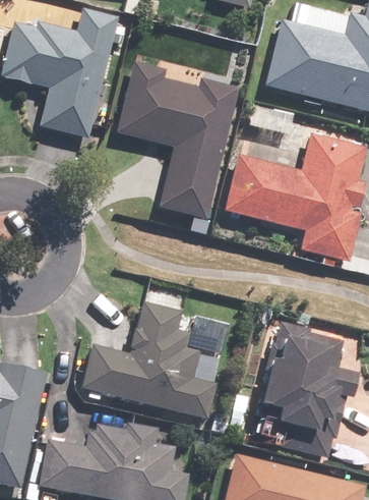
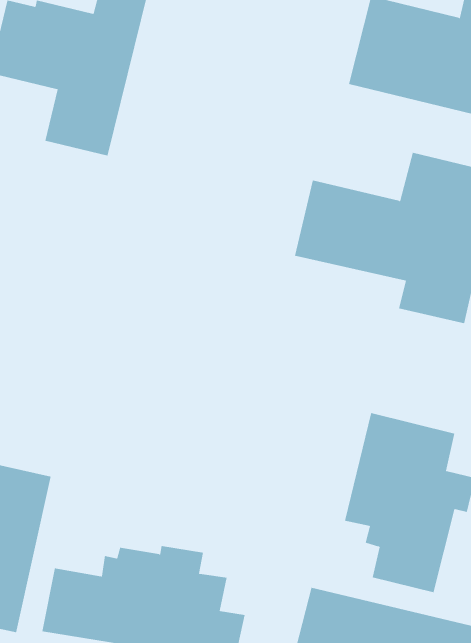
building: [117,62,239,219] -> none
building: [81,302,217,418] -> none

